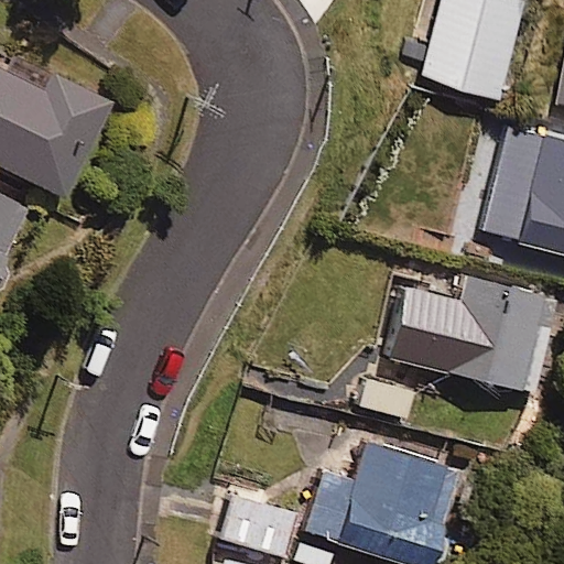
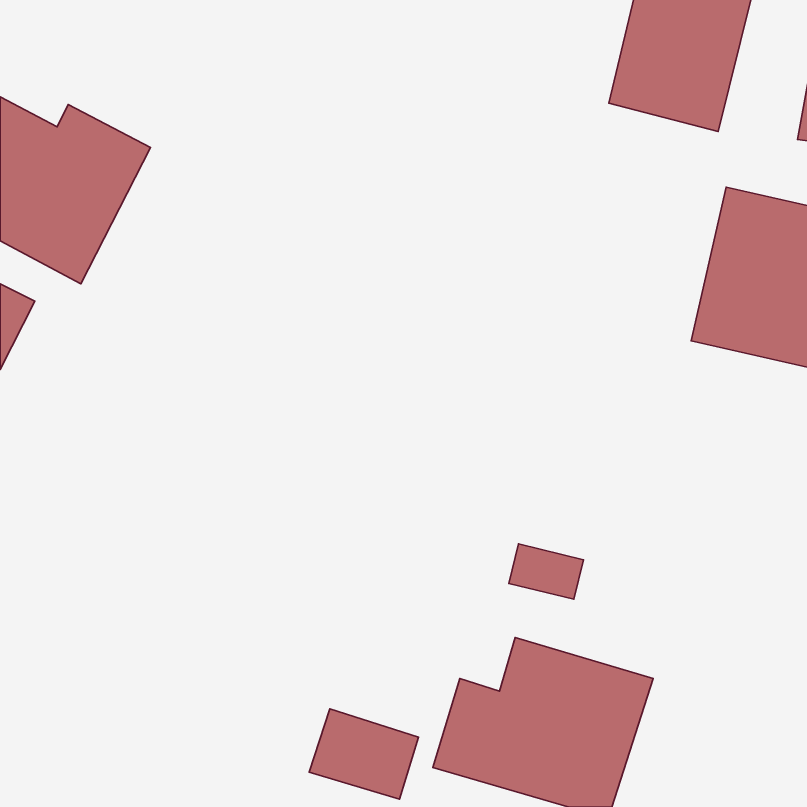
building: [412,279,554,392] -> none

